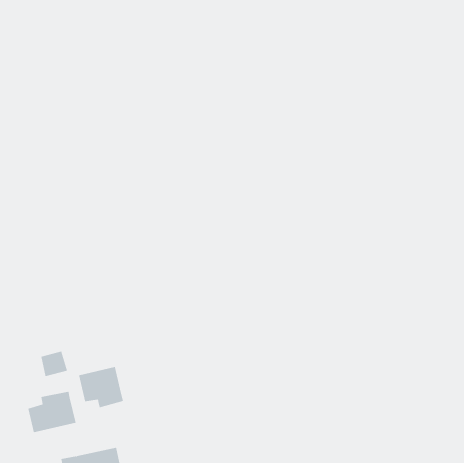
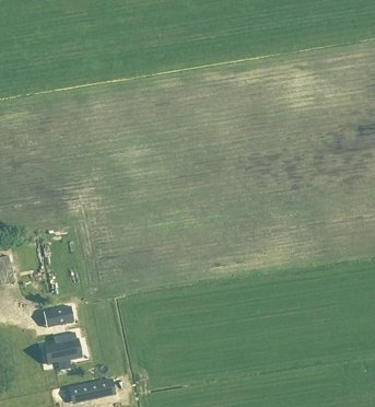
building: [79,366,124,408] -> none

